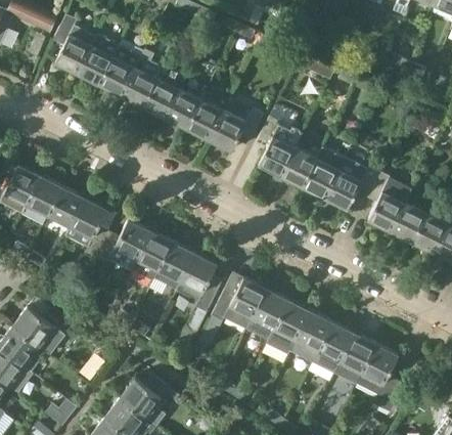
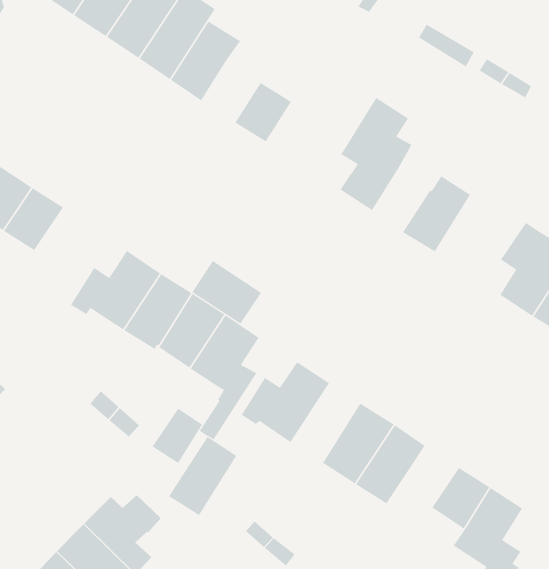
building: [164,91,199,130] -> none
building: [208,110,262,153] -> none
building: [280,148,315,187] -> none
building: [323,159,378,210] -> none
building: [64,197,107,258] -> none
building: none -> [191,260,262,325]
building: [245,289,286,340] -> [168,436,237,516]
building: none -> [152,408,203,464]
building: [311,321,354,373] -> none

